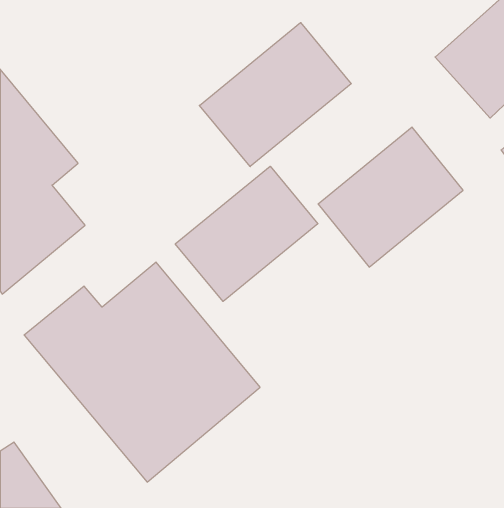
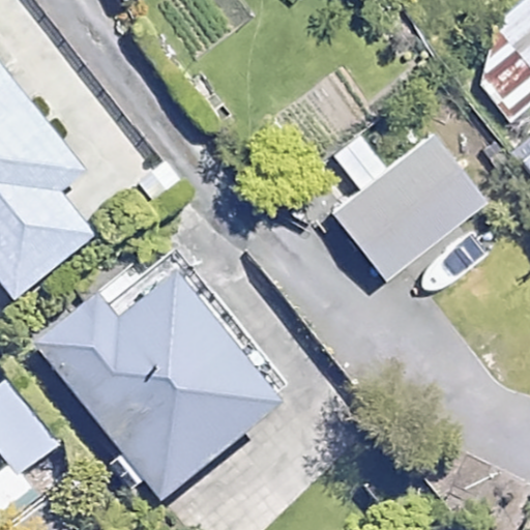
building: [199,23,351,167] -> none
building: [175,166,318,301] -> none

